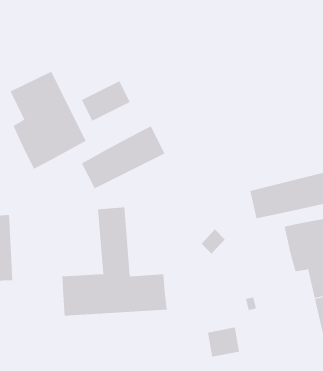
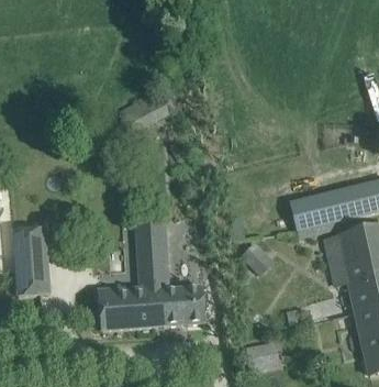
building: [10,71,86,169] -> none
building: [81,125,165,189] -> none

